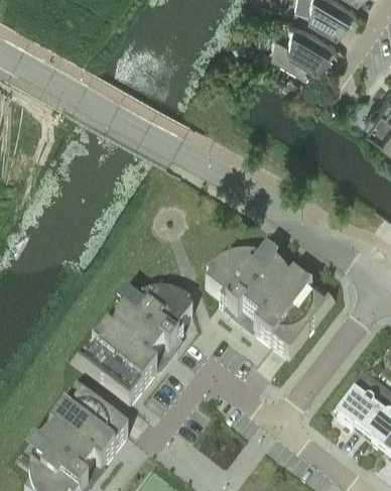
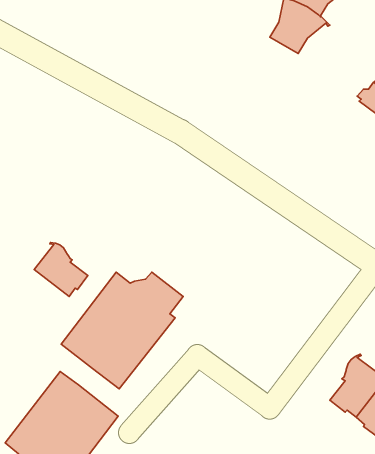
building: [207,247,337,360] -> none
building: none -> [34,243,88,297]

